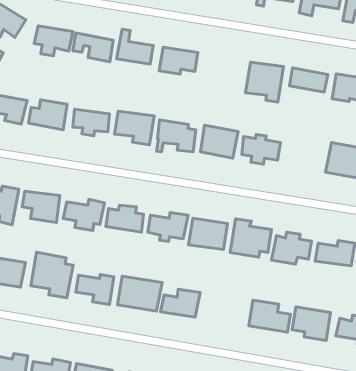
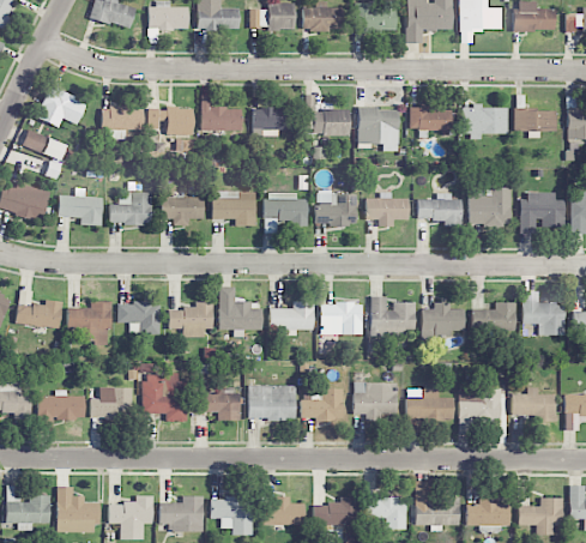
building: none -> [304,95,350,134]
building: none -> [417,193,461,227]
building: none -> [354,381,397,421]

